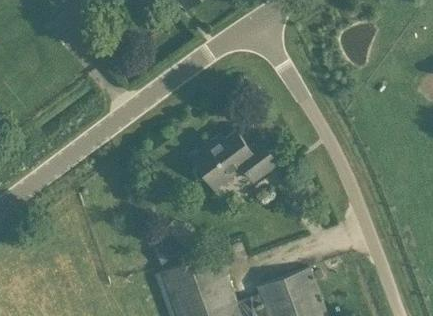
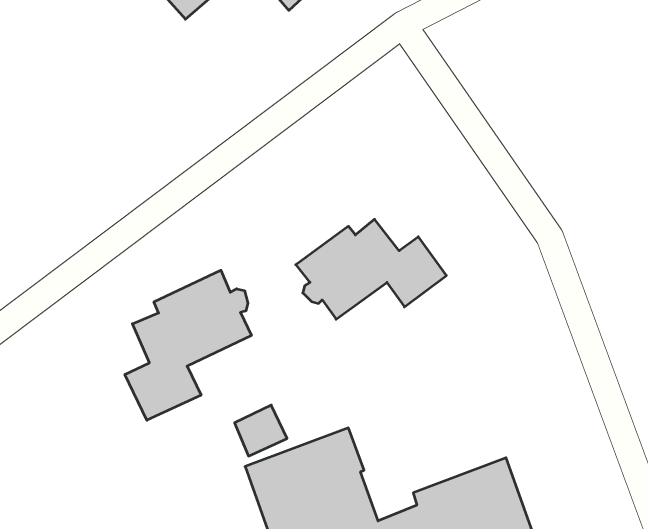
building: none -> [125,270,251,420]

